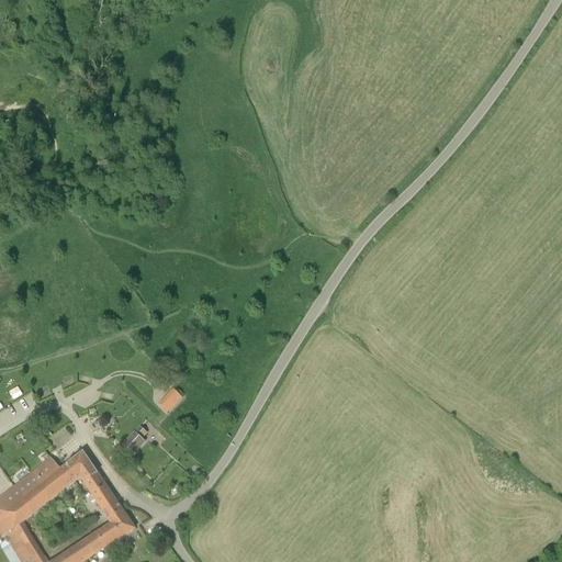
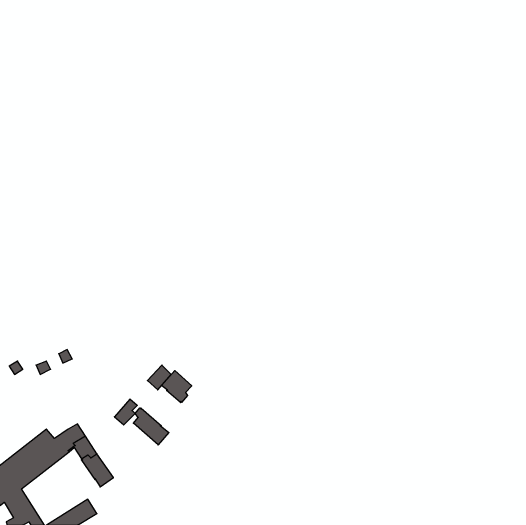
building: none -> [162,371,192,403]
building: none -> [133,408,169,445]
building: [93,508,136,547] -> none

